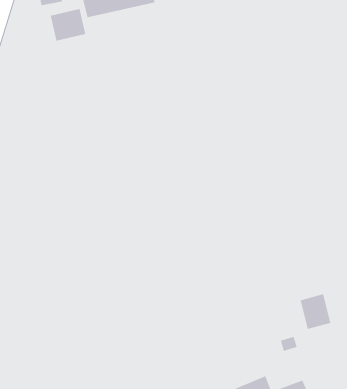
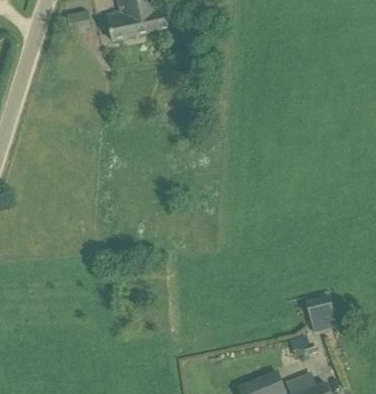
building: [50,8,86,42] -> none

